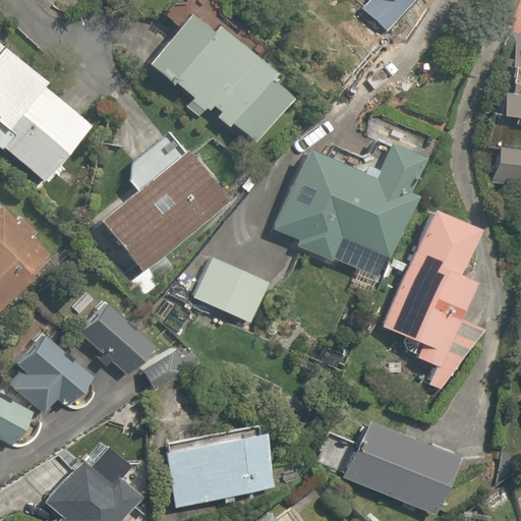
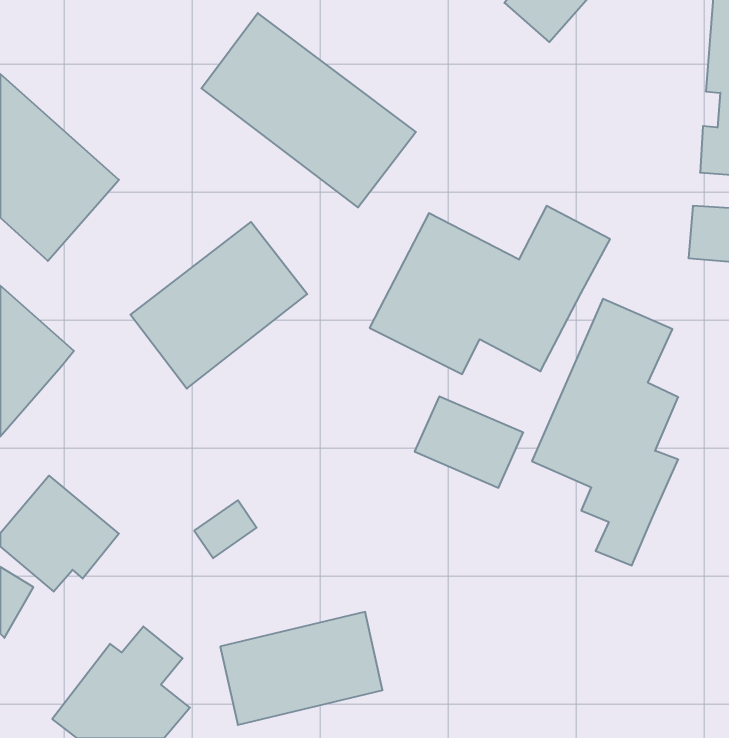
building: [196,254,273,319] -> [415,396,523,488]
building: [79,305,153,375] -> none
building: [344,420,455,512] -> none

